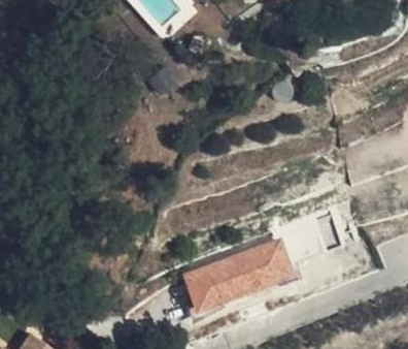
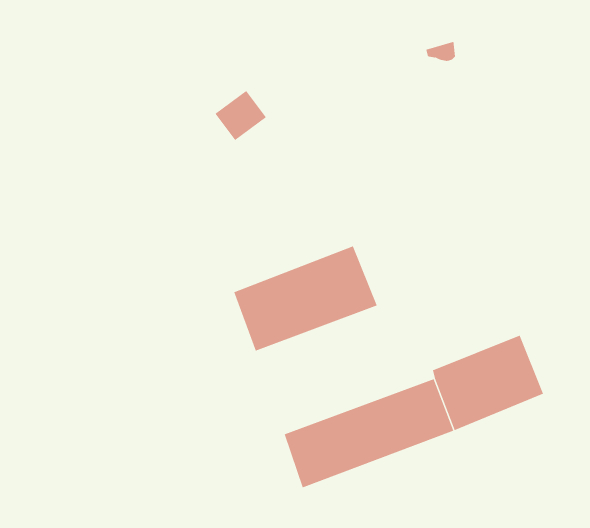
building: none -> [233,245,377,352]

